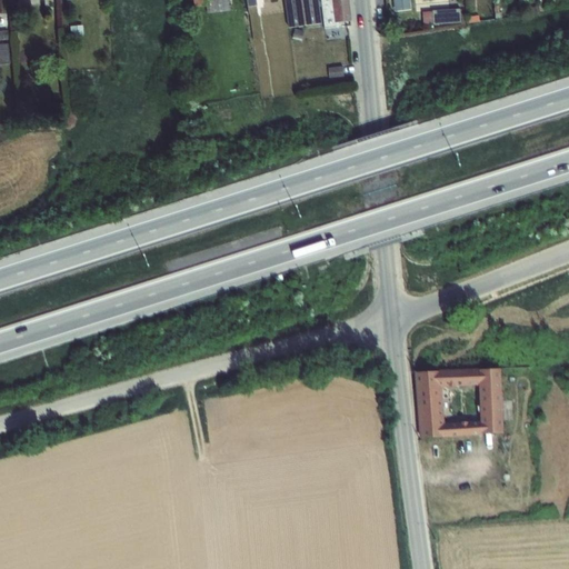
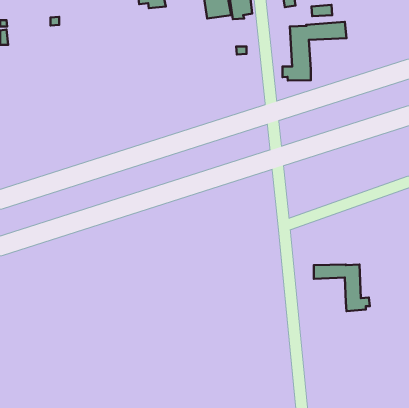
building: none -> [282,22,346,81]
building: [413,368,481,436] -> none

